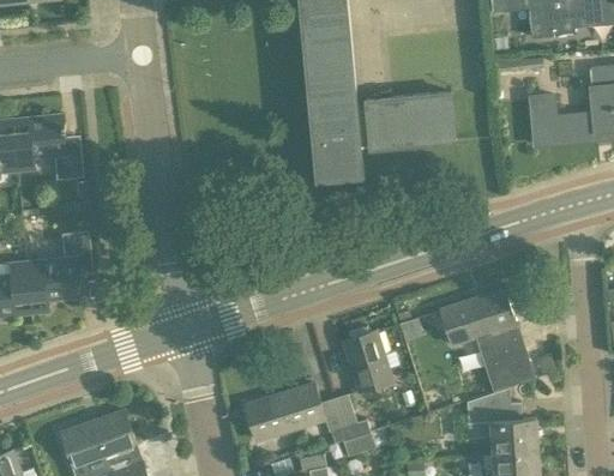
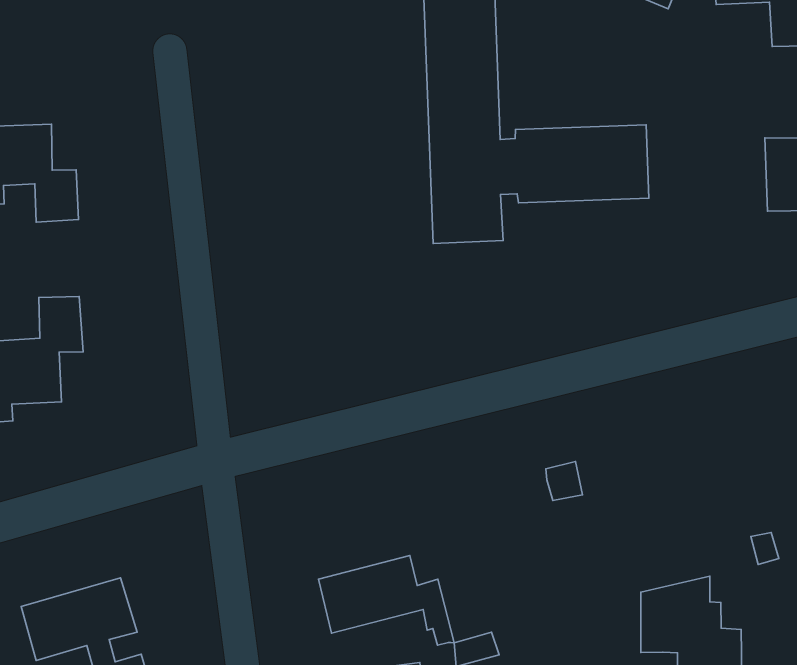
building: [439,288,532,388] -> none
building: [342,330,391,392] -> none
building: [332,393,369,439] -> none

